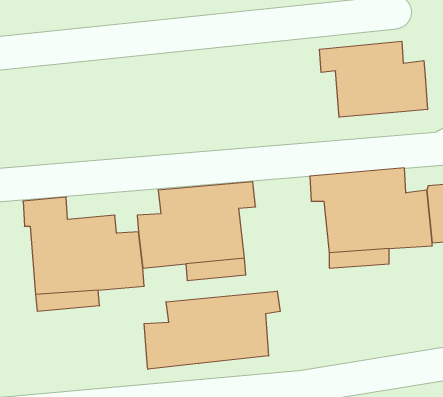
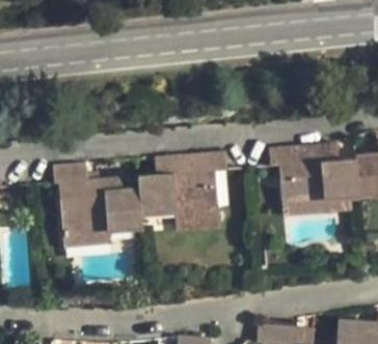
building: [319,41,428,117] -> none
building: [144,291,280,369] -> none

